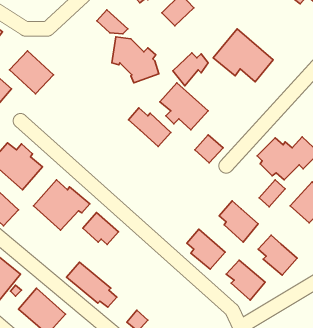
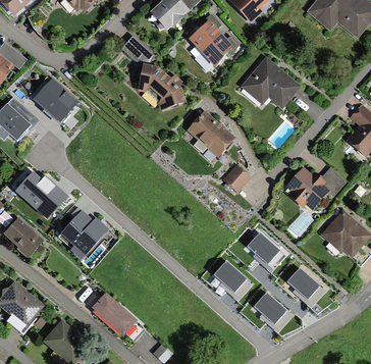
building: [173,53,208,86] -> [202,34,237,67]
building: [129,108,171,147] -> none
building: [83,213,118,244] -> none

